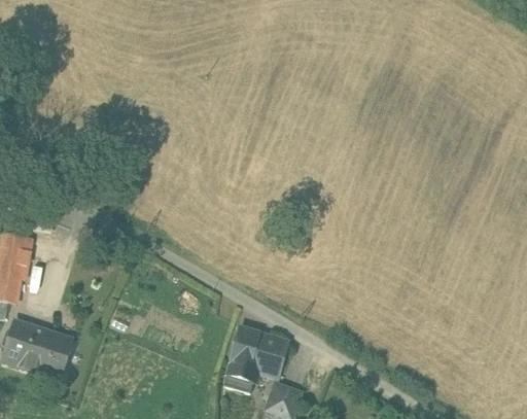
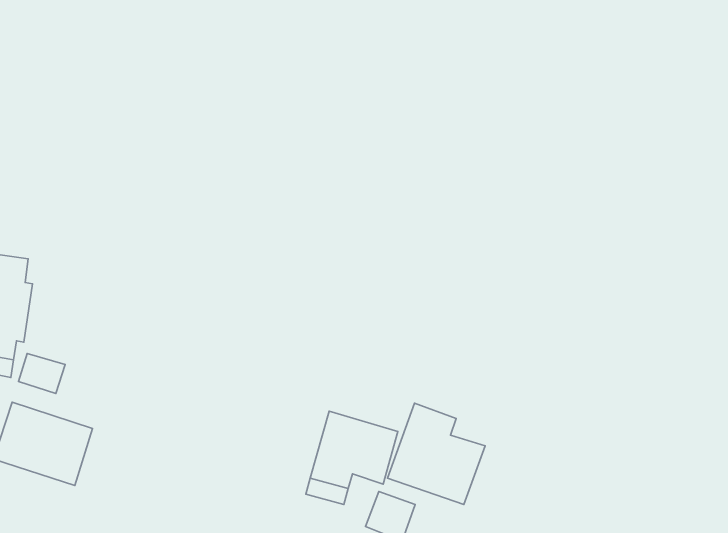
building: none -> [18,353,65,394]
building: none -> [388,403,485,504]

